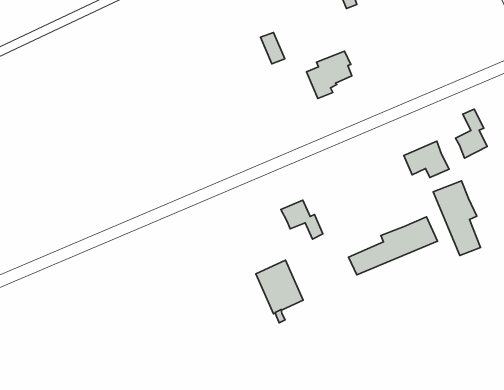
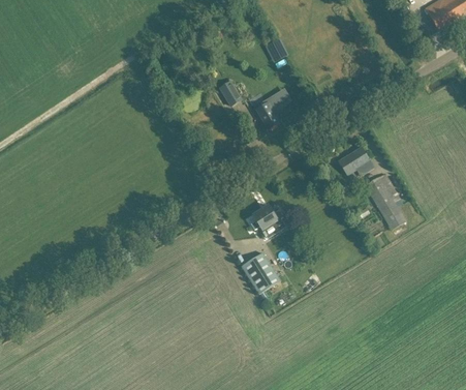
building: [456,109,487,158] -> none
building: [349,217,437,275] -> none

